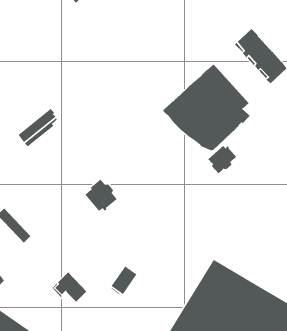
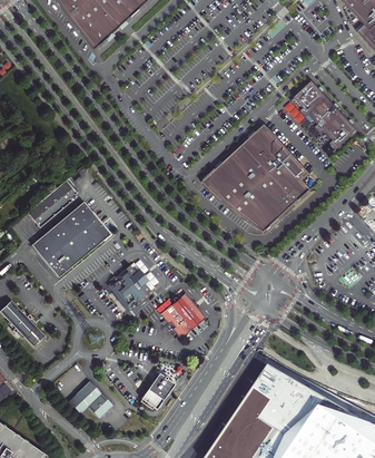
building: none -> [30,201,109,276]
building: [208,145,237,174] -> none
building: none -> [159,291,205,337]

